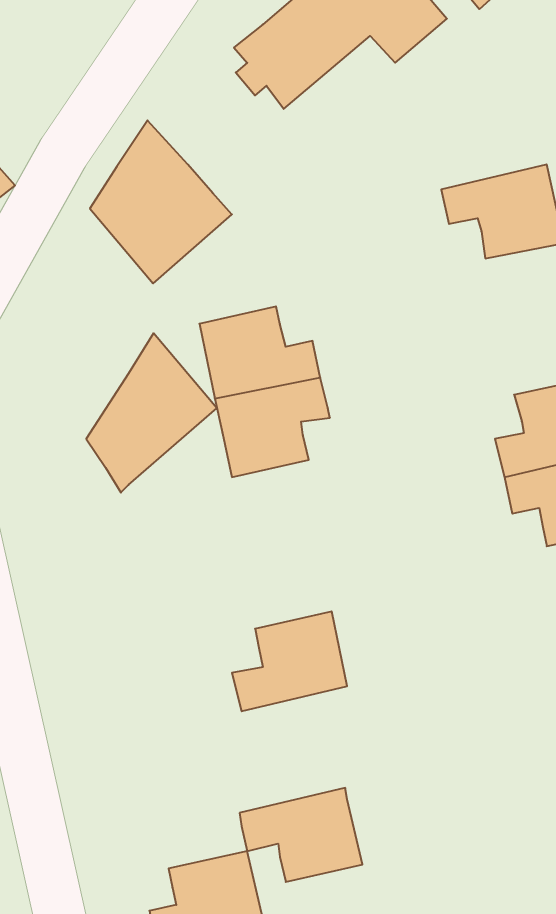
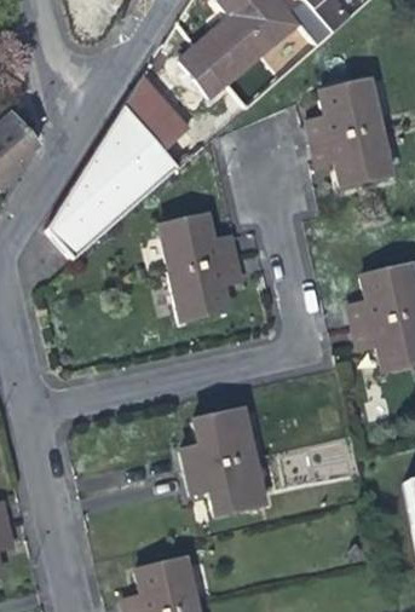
building: none -> [128,70,194,145]
building: none -> [307,80,380,143]
building: [86,333,217,493] -> [50,155,132,255]
building: [240,788,362,882] -> [188,456,265,515]

